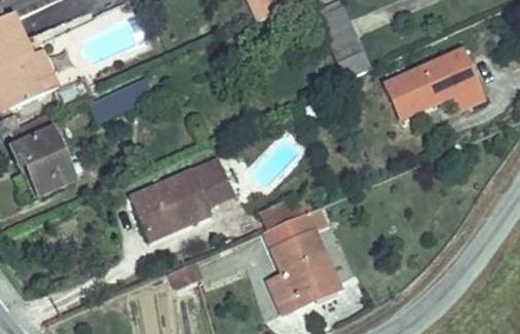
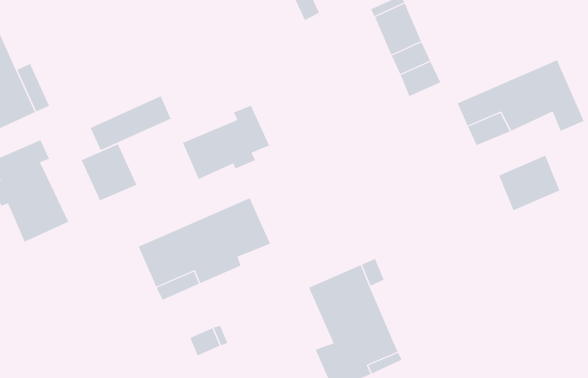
building: none -> [182,105,270,180]
building: none -> [81,144,137,201]
building: none -> [498,155,560,211]

